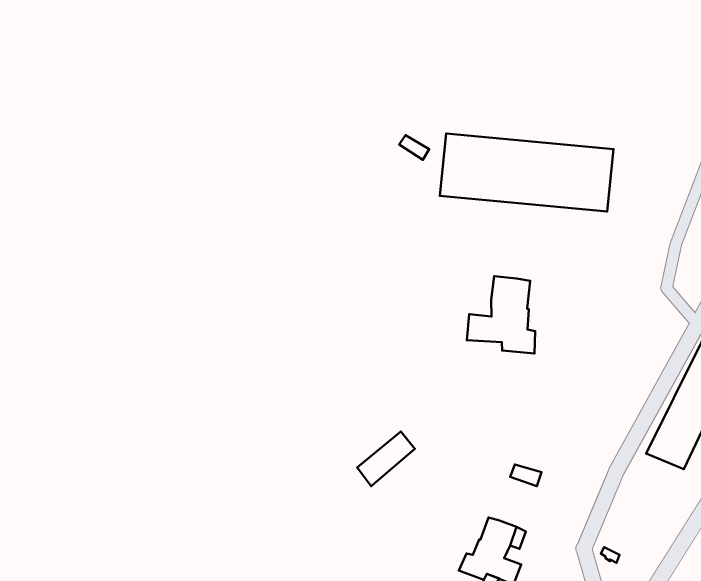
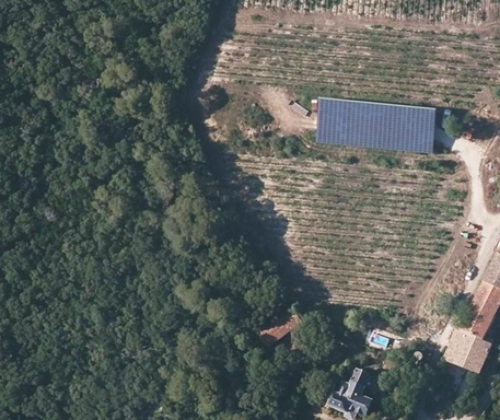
building: [467,276,535,354] -> none
building: none -> [441,322,491,373]

